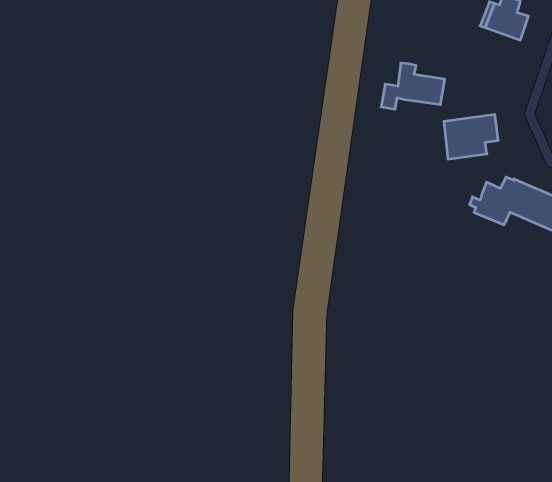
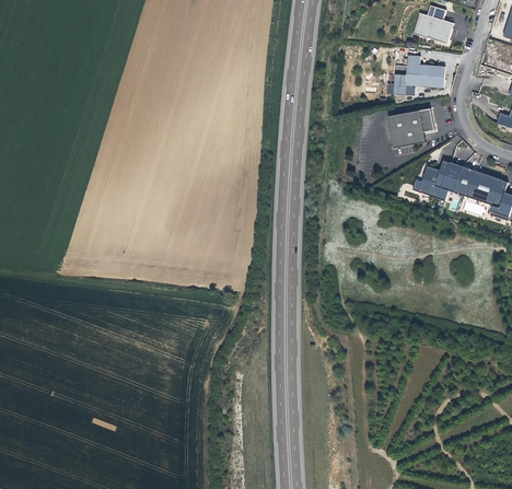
building: [381,63,445,109] -> [394,55,446,94]

